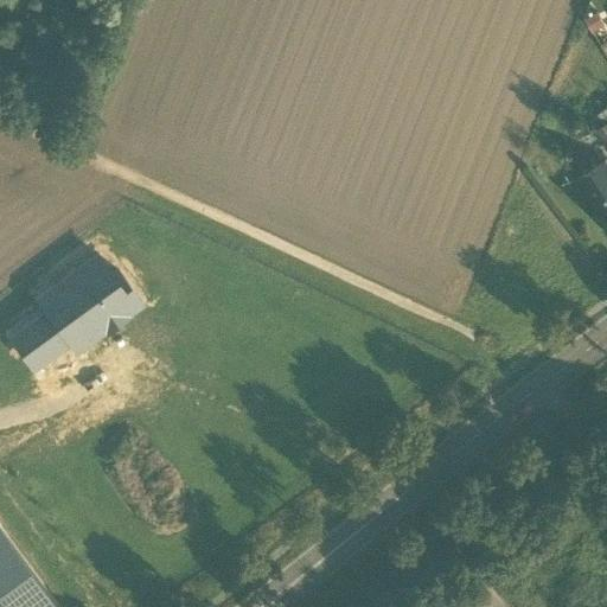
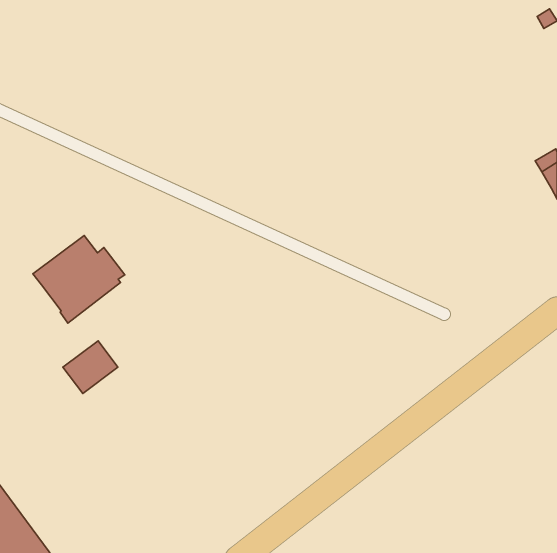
building: [7,315,66,372] -> [63,341,118,393]

